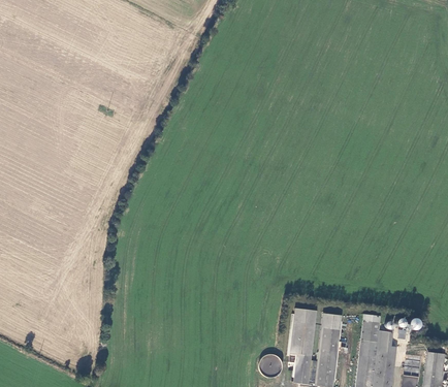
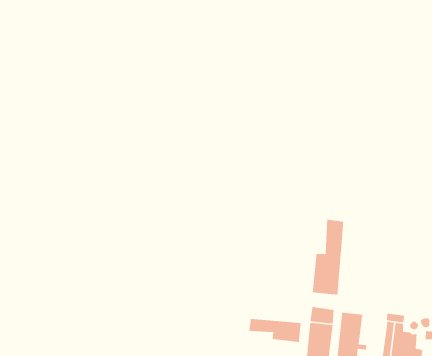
building: none -> [312,219,344,295]
building: none -> [248,318,302,343]

